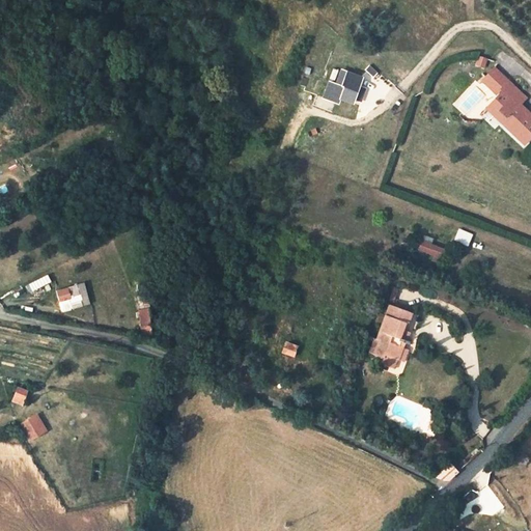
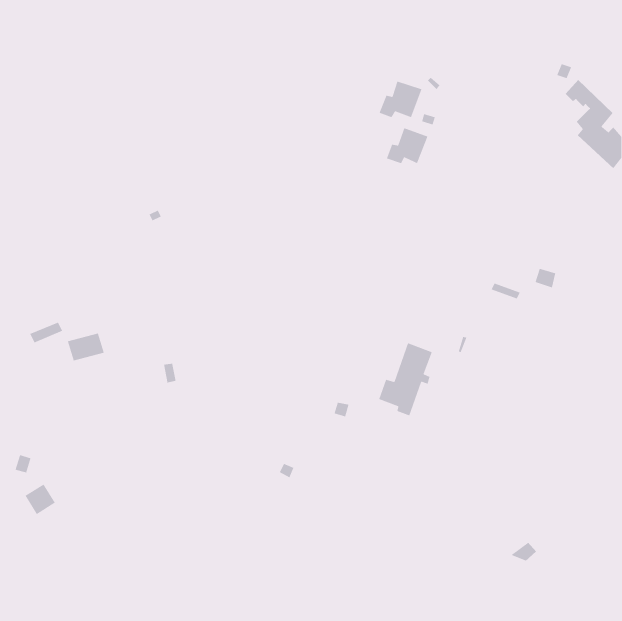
building: none -> [386,127,429,164]
building: [365,305,412,368] -> [378,342,433,417]

